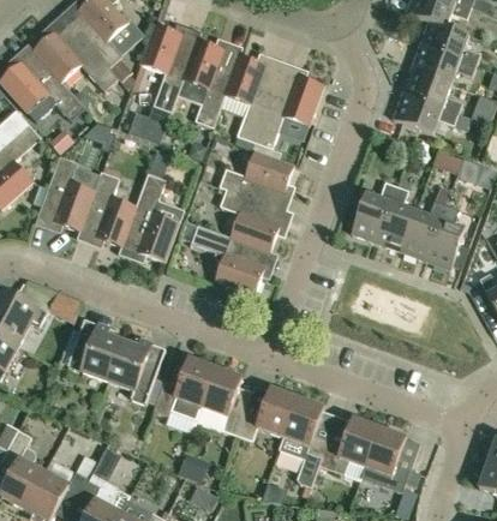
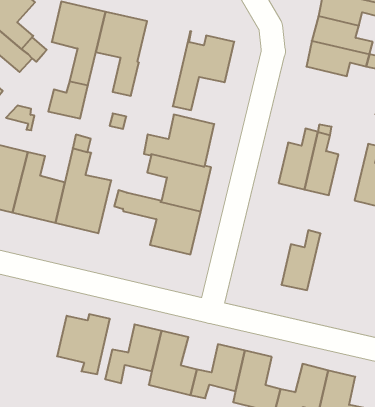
building: [224,53,281,142] -> none
building: [401,198,447,258] -> [281,230,321,290]
building: [68,318,122,379] -> none

